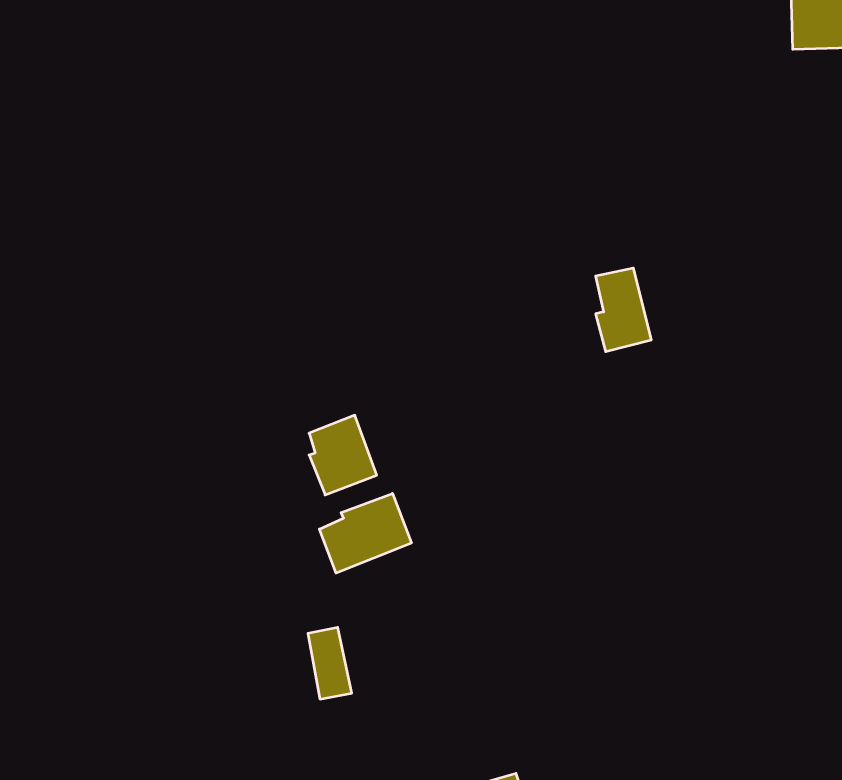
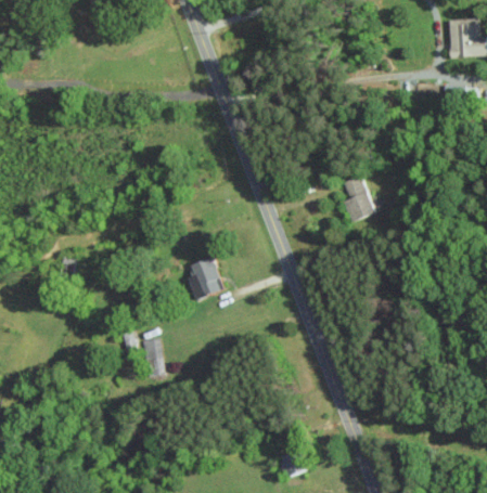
building: [319,493,411,573] -> none
building: [308,627,352,699] -> [141,338,165,377]

